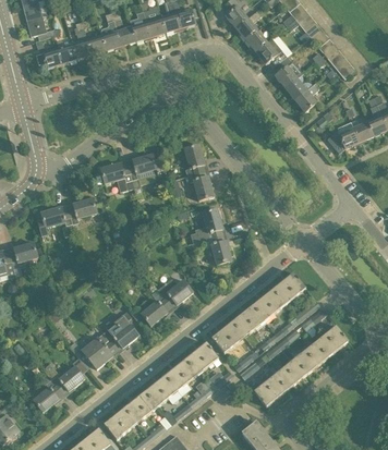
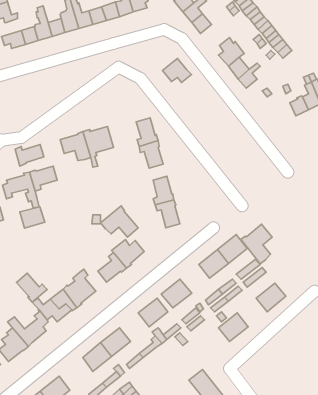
building: [254,38,286,64] -> [163,59,191,82]
building: [326,127,359,153] -> none
building: none -> [15,145,44,166]
building: none -> [101,206,138,237]
building: none -> [20,207,45,228]
building: none -> [241,224,272,264]
building: [231,305,264,337] -> none
building: none -> [16,273,47,302]
building: [294,342,327,374] -> none
building: [165,358,197,390] -> none
building: [253,375,286,406] -> none
building: [104,408,135,439] -> none

